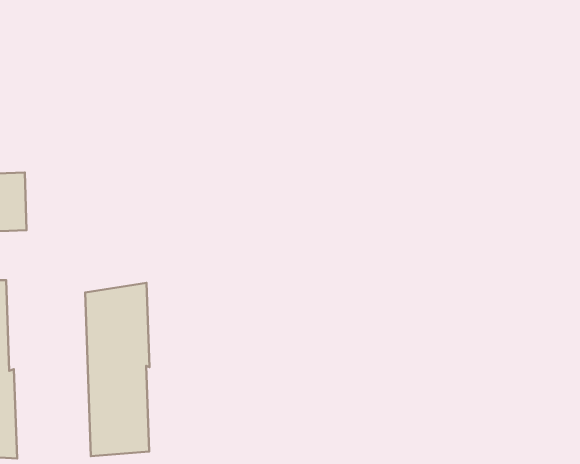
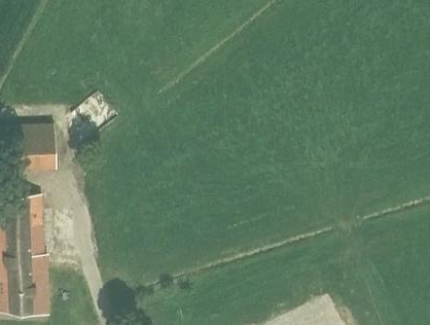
building: [85,283,150,456] -> none

